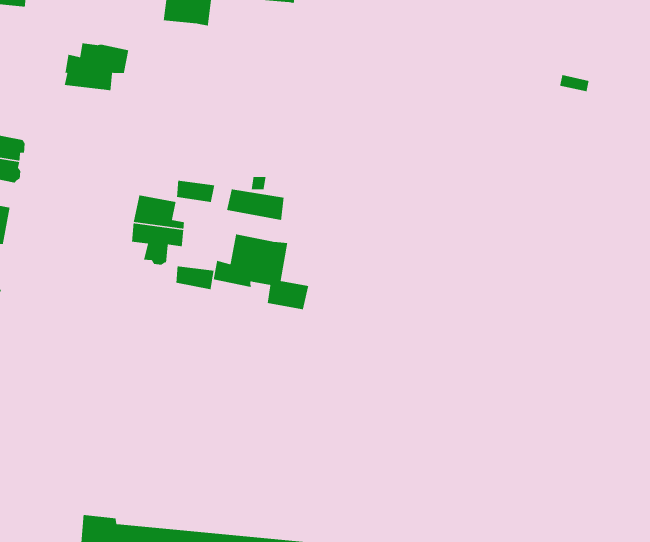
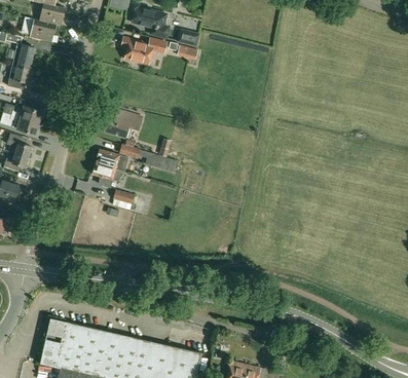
building: [64,42,129,91] -> [105,111,142,139]
building: [213,233,309,310] -> none

